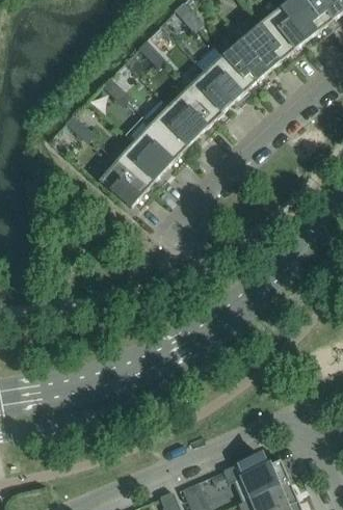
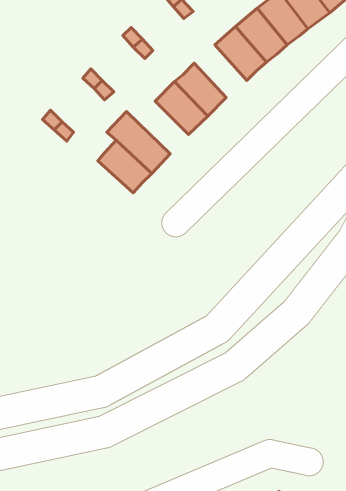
building: [204,54,252,102] -> none
building: [143,98,199,153] -> none
building: [100,159,149,207] -> none

